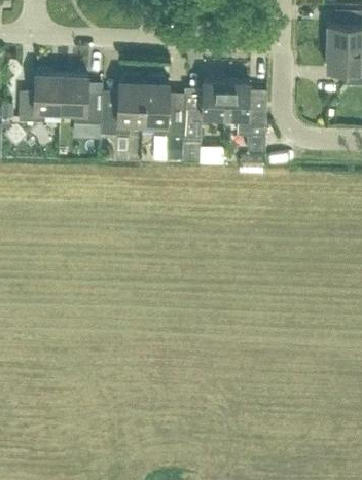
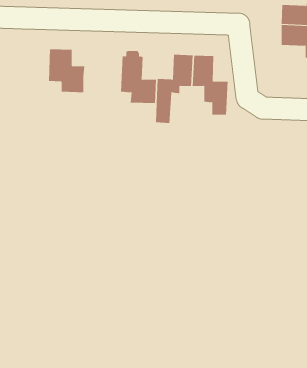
building: [19,74,61,122] -> none
building: [100,75,144,135] -> none

